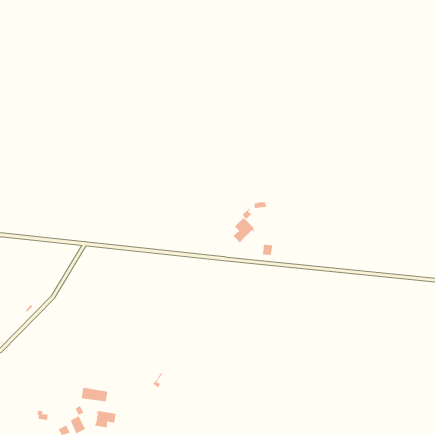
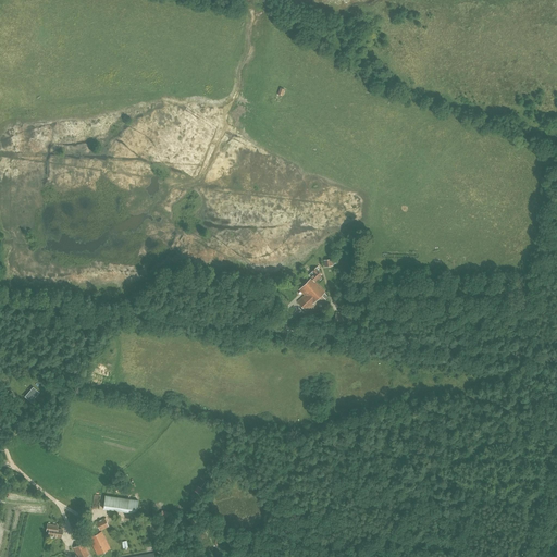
building: [95,410,116,428] -> none

